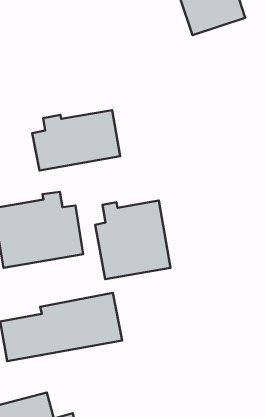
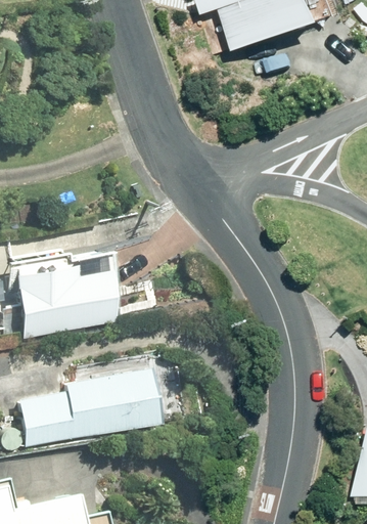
building: [32,110,120,170] -> none
building: [95,201,171,279] -> none

